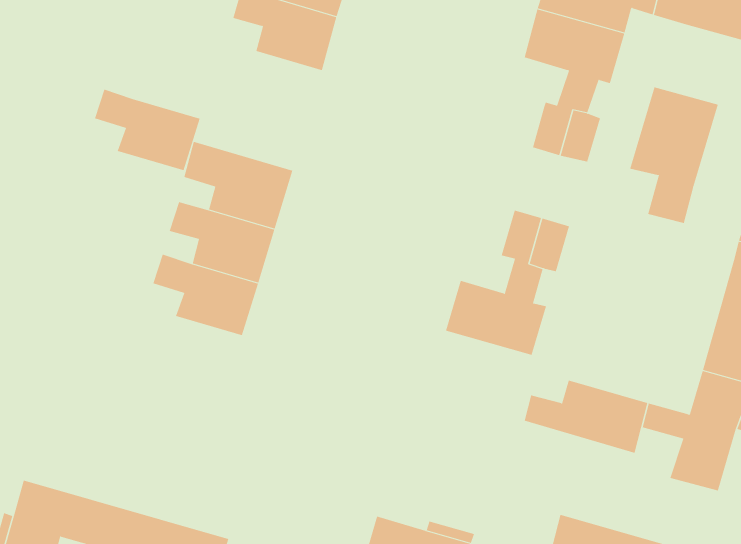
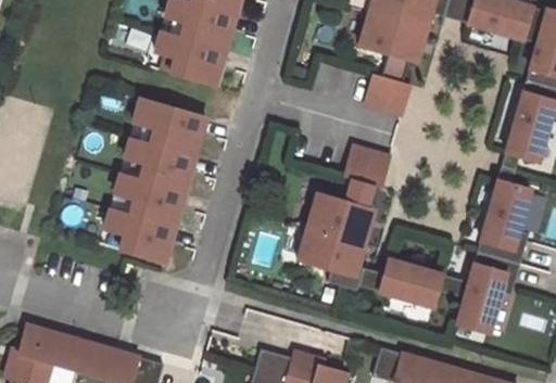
building: [630,86,718,224] -> none
building: [94,89,200,171] -> [155,34,226,88]
building: none -> [103,210,173,265]
building: none -> [298,226,365,290]

